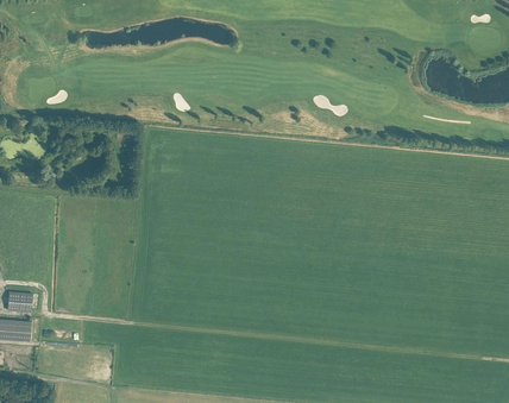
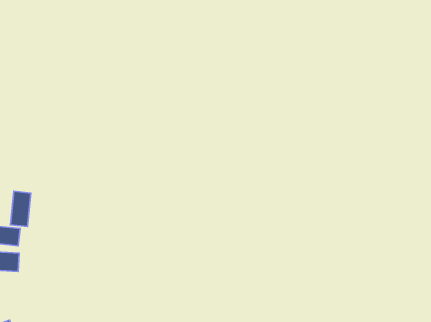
building: none -> [11,191,31,226]

